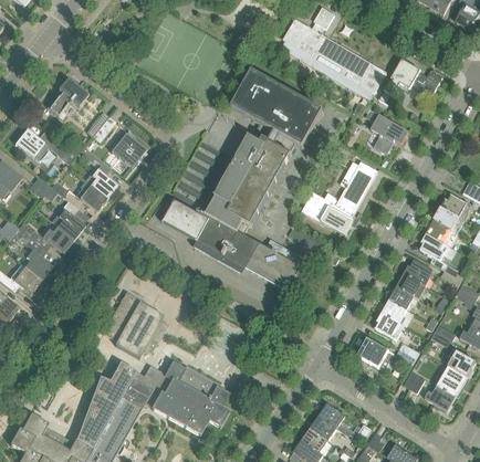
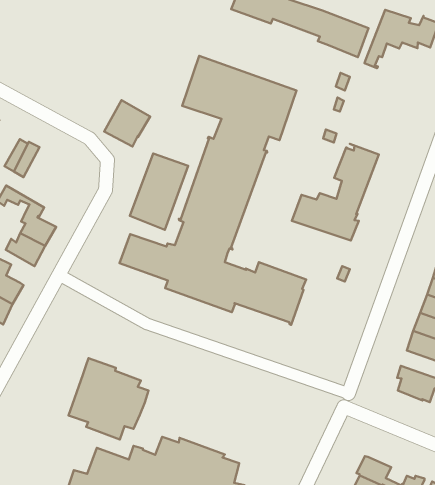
building: [371,115,408,154] -> none
building: [111,129,148,167] -> [104,100,150,147]

